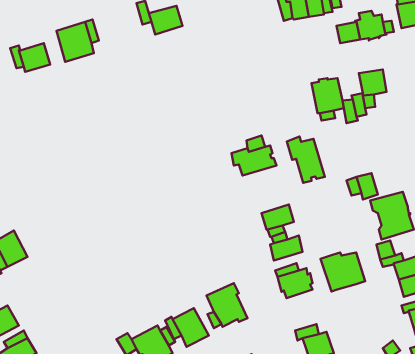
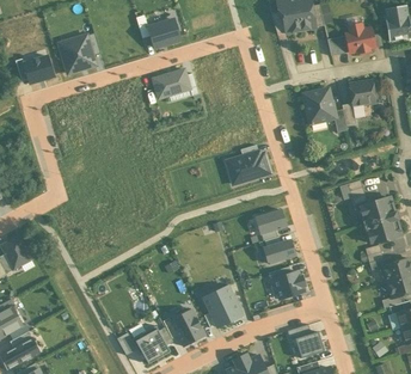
building: none -> [153,69,190,98]
building: [287,136,325,183] -> none
building: [321,252,365,292] -> none

